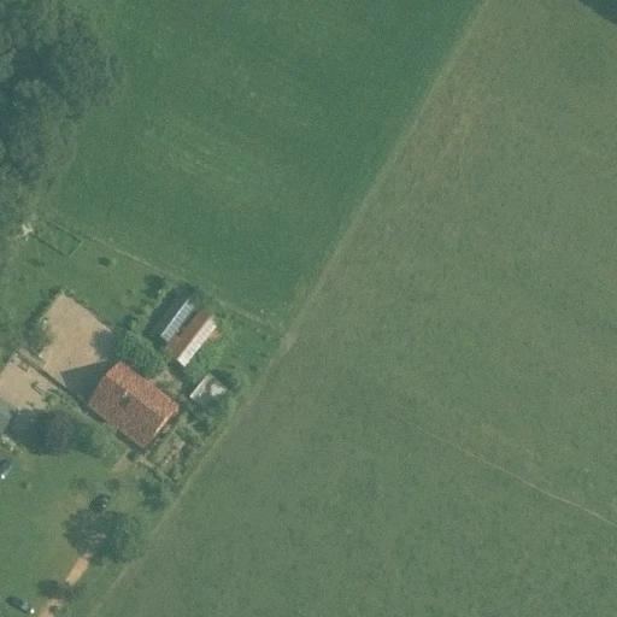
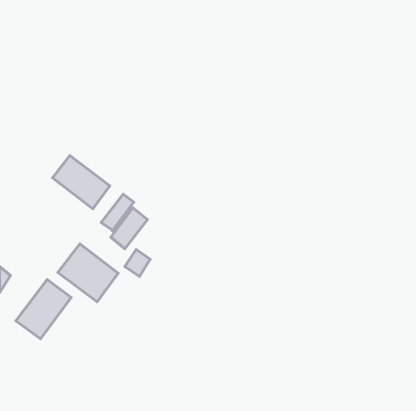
building: none -> [52,156,110,209]
building: none -> [16,279,71,339]

